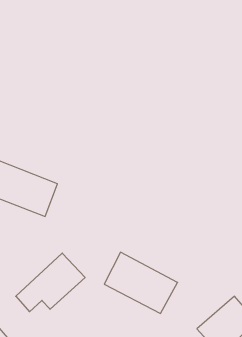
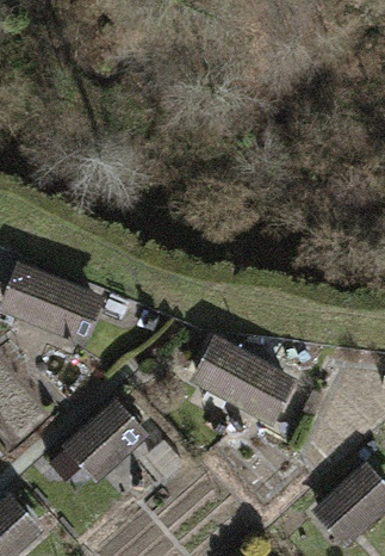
building: [104,252,178,313] -> [191,334,298,424]

